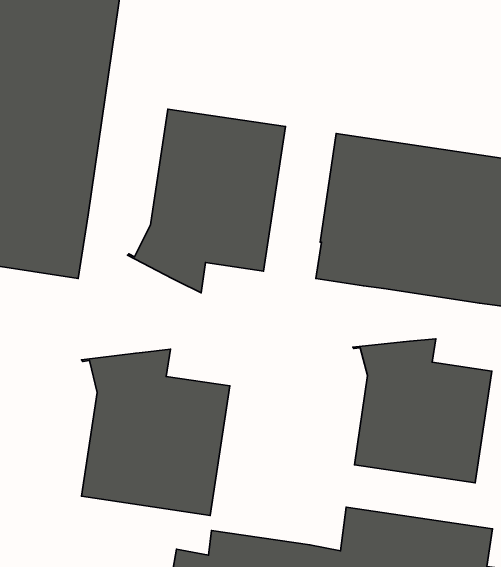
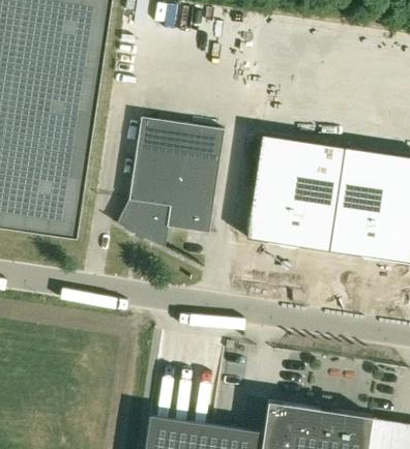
building: [353,339,492,483] -> none
building: [82,349,230,515] -> none

